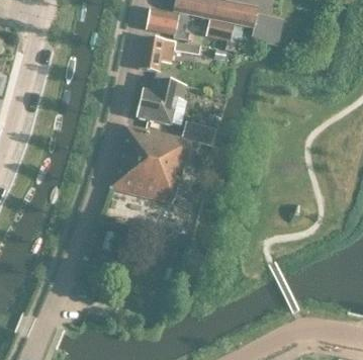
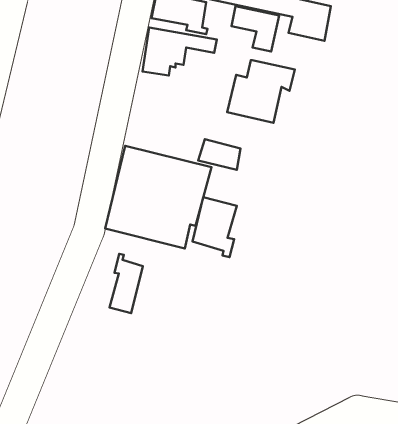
building: [134,76,186,123] -> [227,60,295,123]
building: none -> [192,197,237,257]
building: none -> [110,254,143,313]

